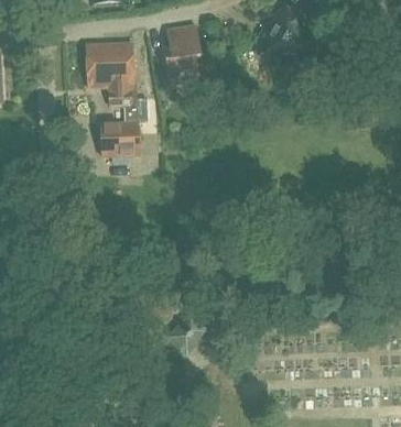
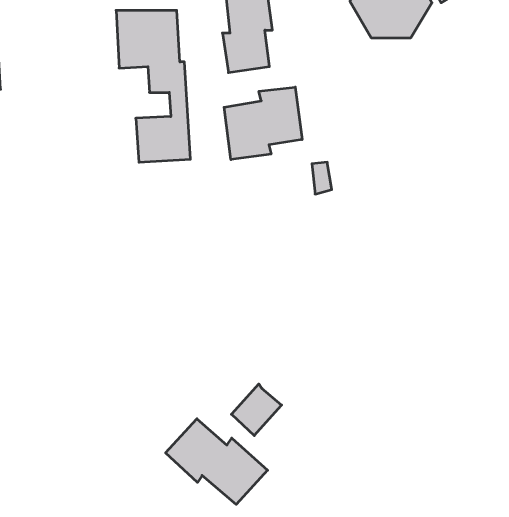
building: none -> [224,87,302,160]
building: none -> [166,419,268,504]

